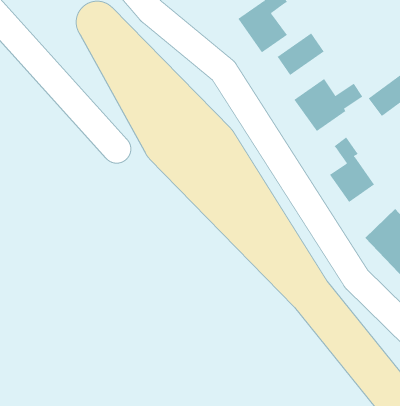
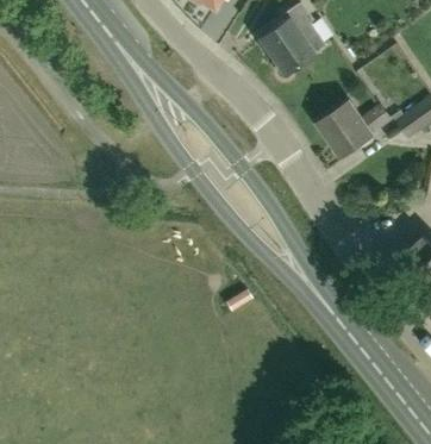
building: [277,32,325,76] -> none
building: [329,136,375,203] -> none

